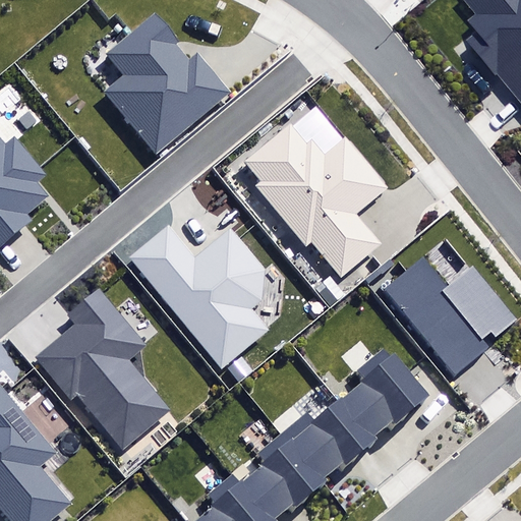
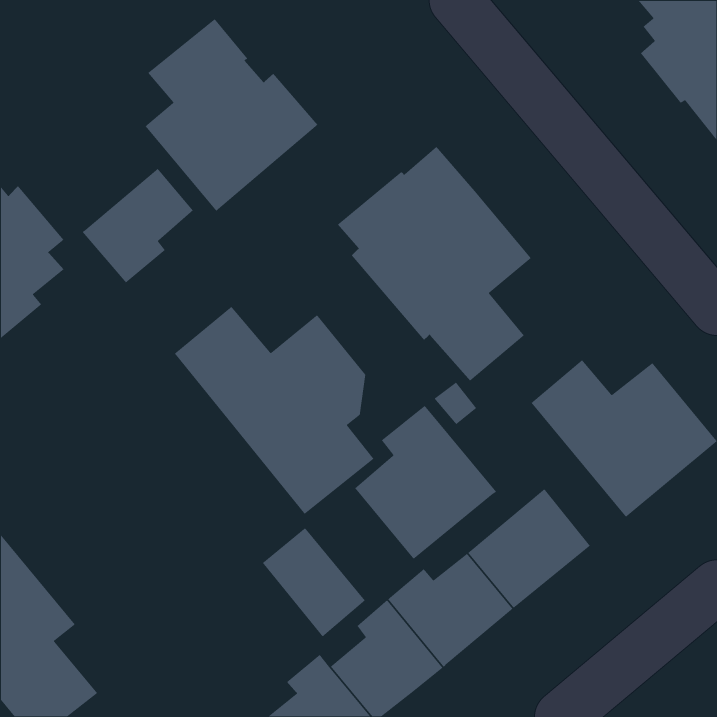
building: none -> [81,168,194,284]
building: [37,288,171,450] -> none
building: none -> [354,405,497,560]
building: none -> [262,527,366,637]

